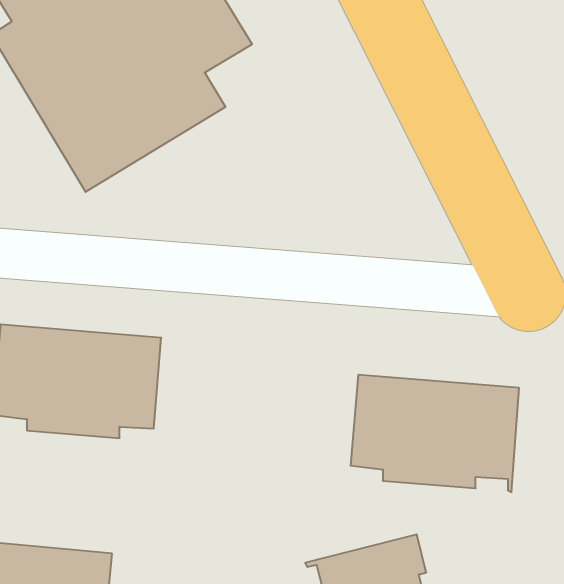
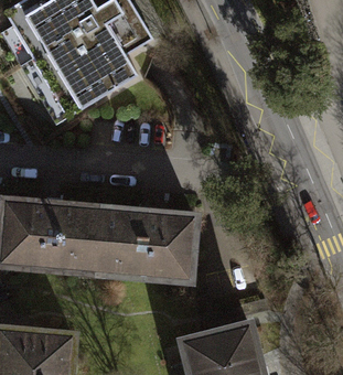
building: [351,375,519,492] -> [96,210,194,278]

